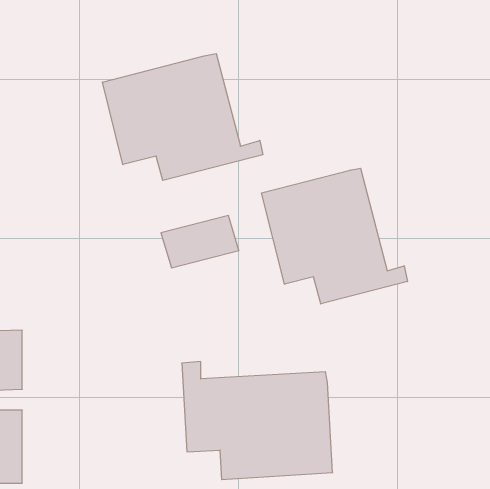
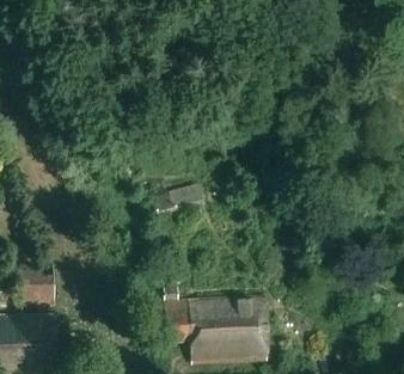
building: [102,54,263,180] -> none
building: [262,168,407,304] -> none

